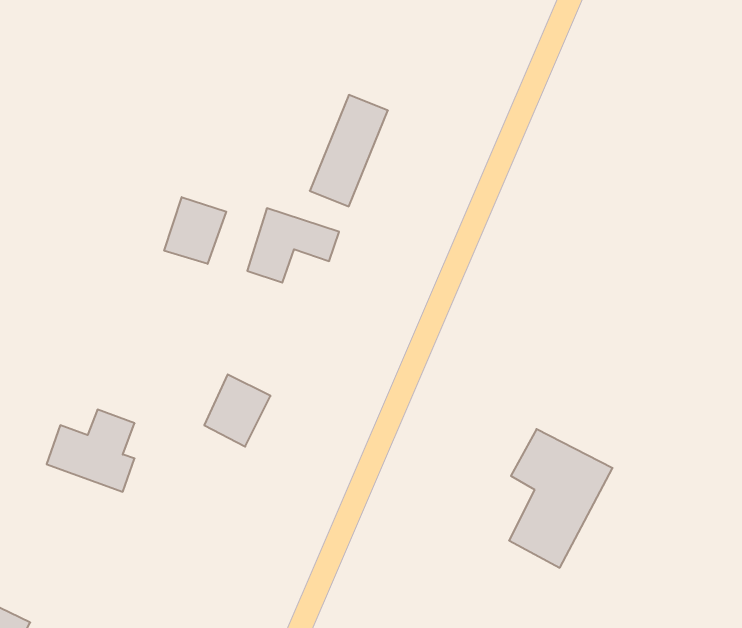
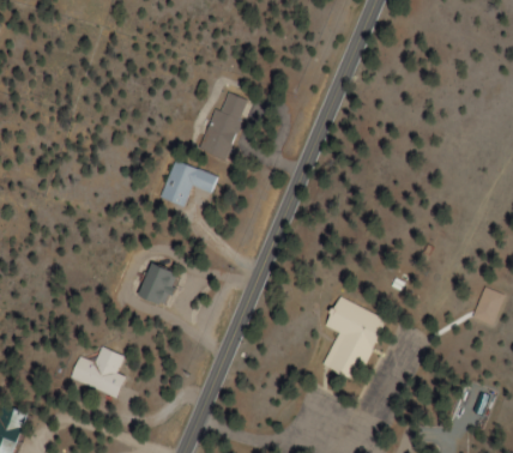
building: [164,197,226,264] -> none
building: [47,410,135,492] -> [68,346,122,397]

